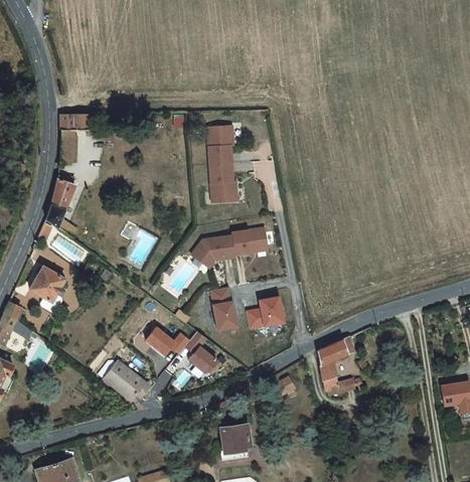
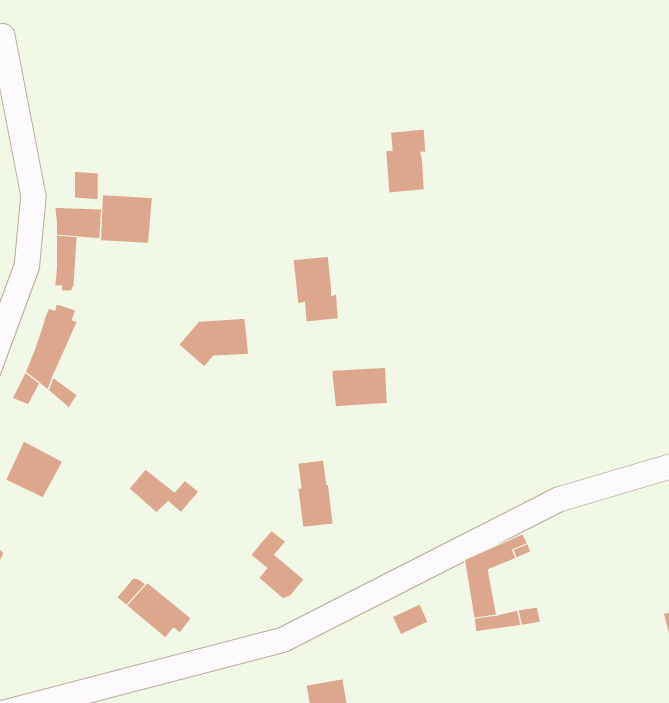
building: none -> [100,195,152,244]
building: [207,125,232,164] -> [385,129,426,193]
building: [192,235,236,266] -> [178,318,249,367]
building: [247,299,283,329] -> none
building: [145,326,188,353] -> [129,469,199,513]

